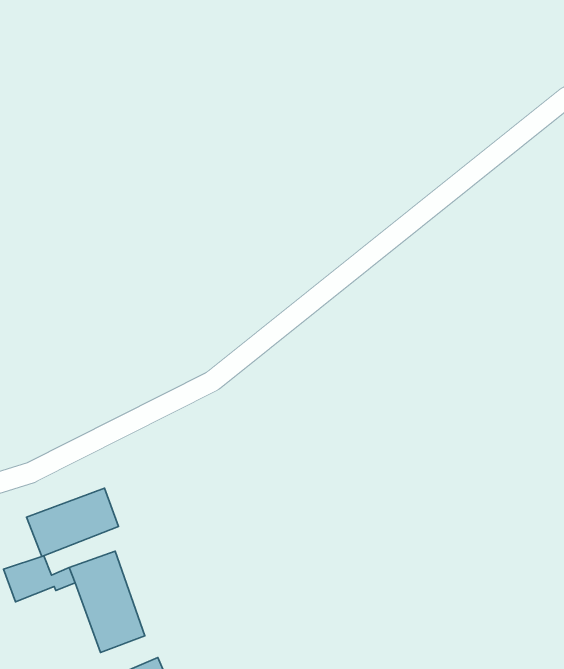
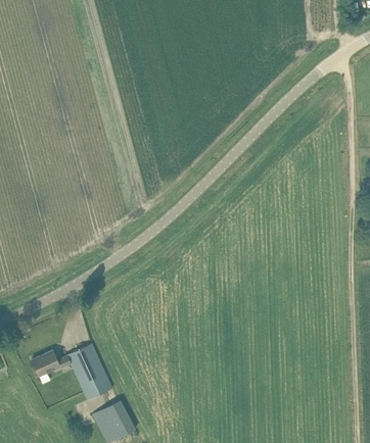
building: [26,488,119,557] -> none

